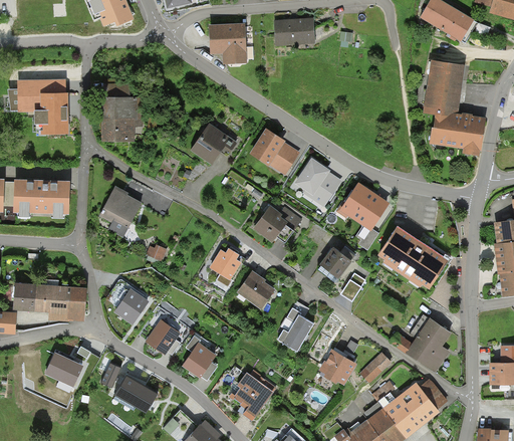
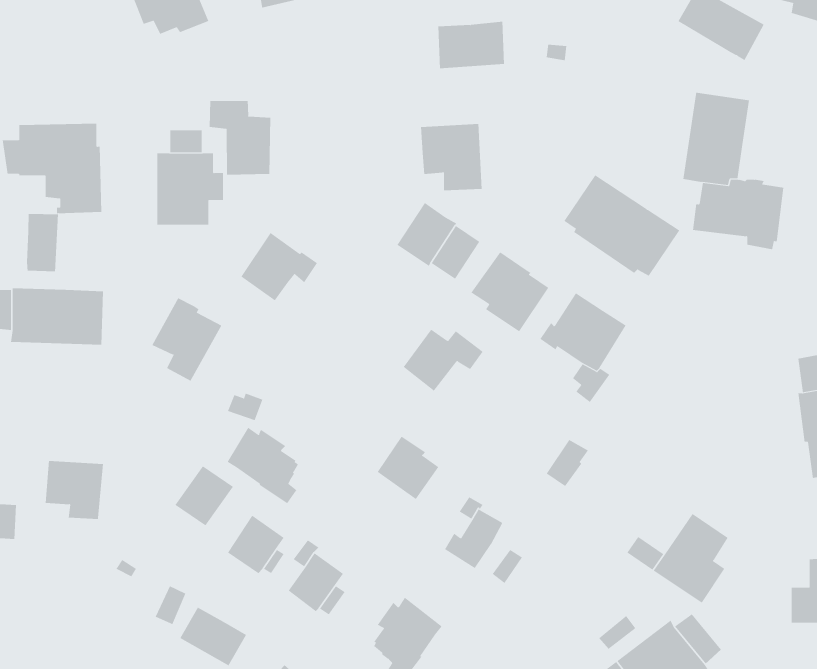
building: [209,23,247,64] -> [420,123,482,191]
building: none -> [209,100,271,175]
building: [191,123,238,165] -> [241,232,318,301]
building: none -> [26,213,58,272]
building: [377,227,449,289] -> [564,175,680,277]
building: [320,248,352,280] -> none
building: [210,250,241,280] -> none
building: none -> [227,427,298,504]
building: [13,283,36,311] -> none
building: [67,287,87,321] -> none
building: [319,349,357,386] -> none
building: [359,352,392,383] -> none
building: [47,353,83,385] -> none

